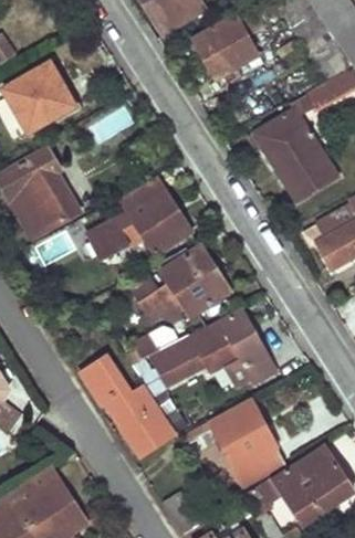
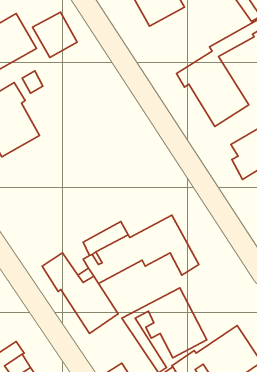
building: none -> [32,12,77,58]
building: [87,178,191,259] -> none
building: [132,245,230,318] -> none

